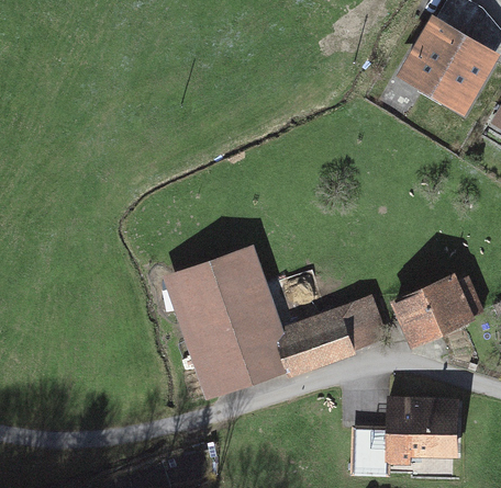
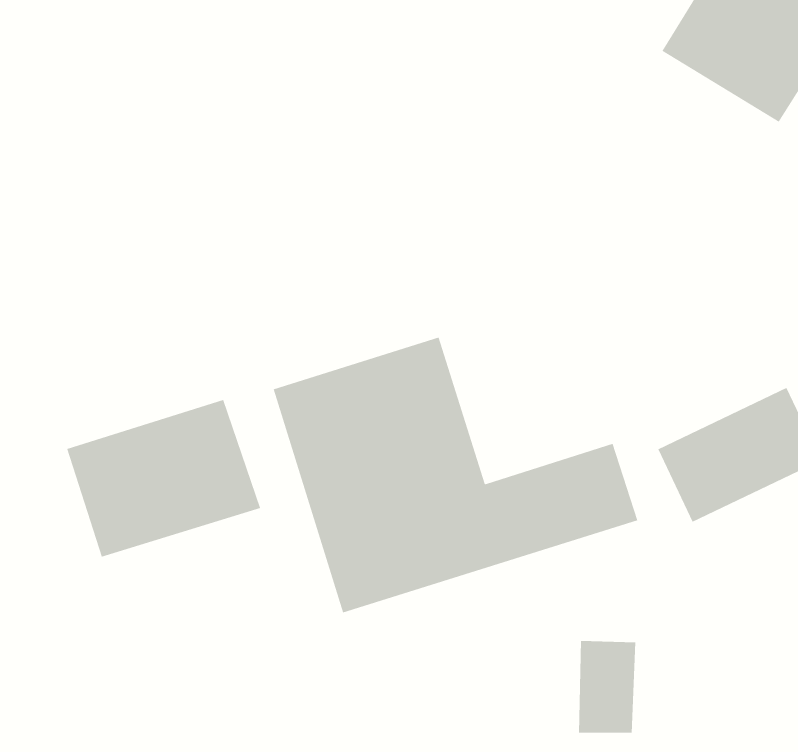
building: none -> [66,399,261,557]
building: [382,397,456,458] -> none

